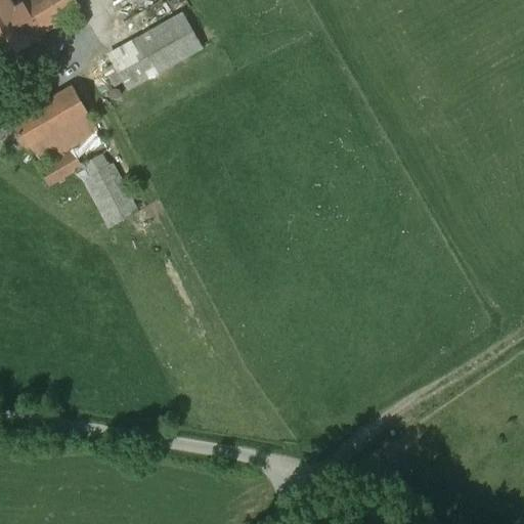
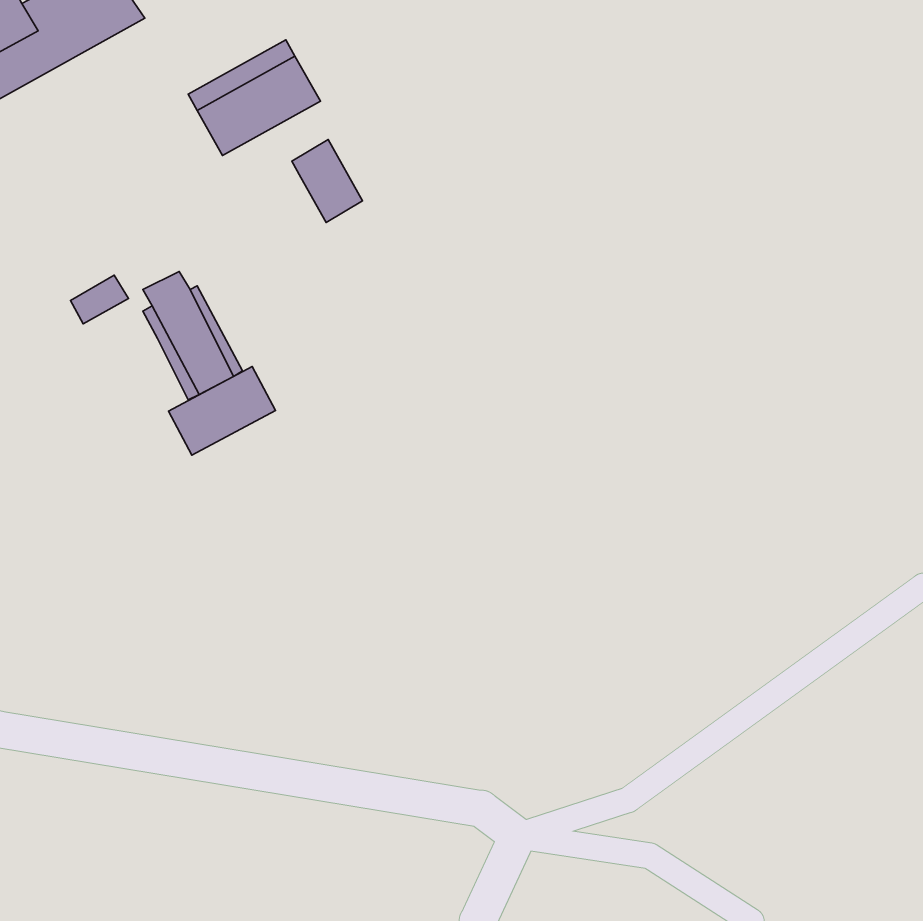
building: [162,10,202,57] -> [292,139,362,223]
building: [11,85,98,165] -> none
building: none -> [169,366,276,455]

